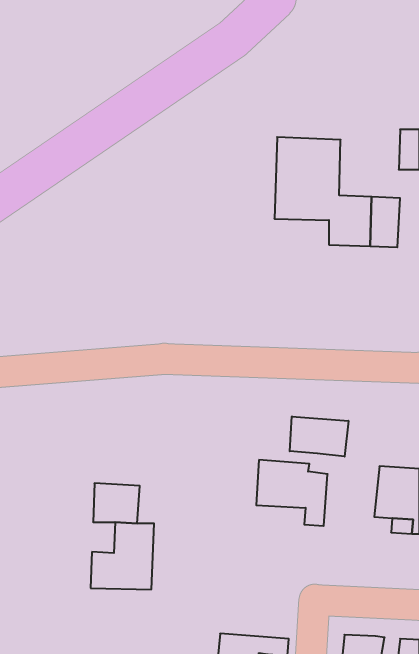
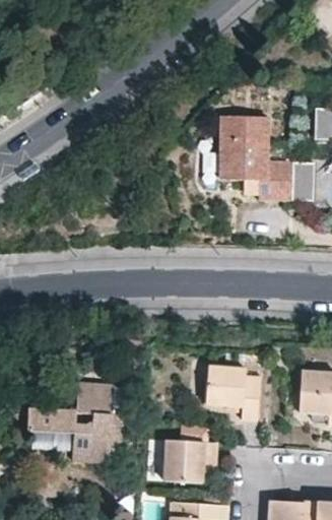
building: [290,416,348,457] -> none
building: none -> [27,411,75,437]
building: none -> [154,437,204,482]

